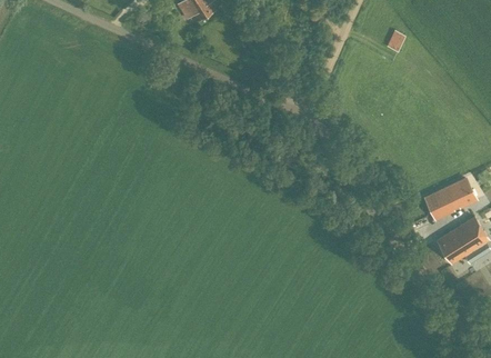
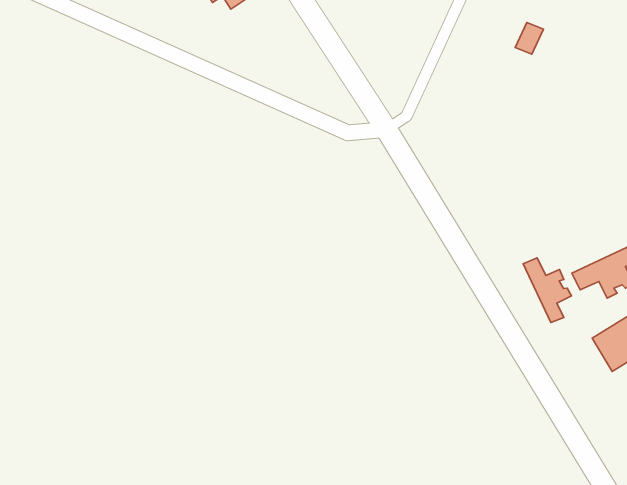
building: none -> [523,258,571,322]

